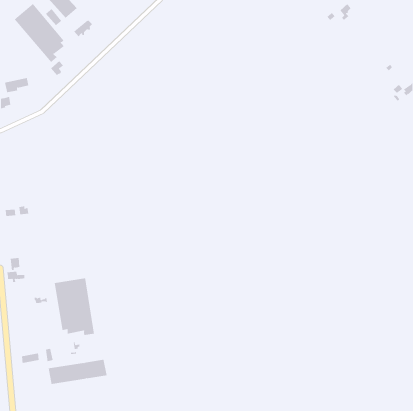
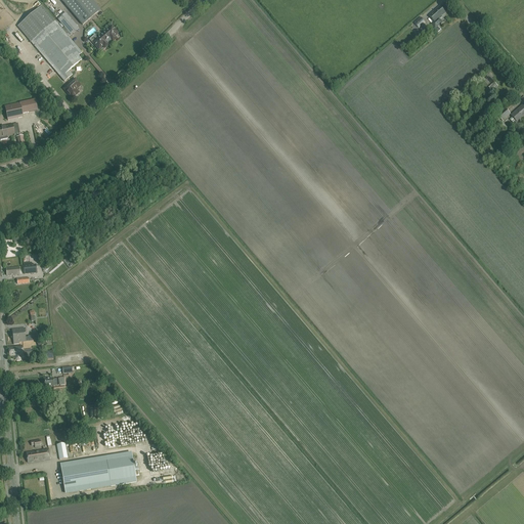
building: [54,277,95,336] -> none

